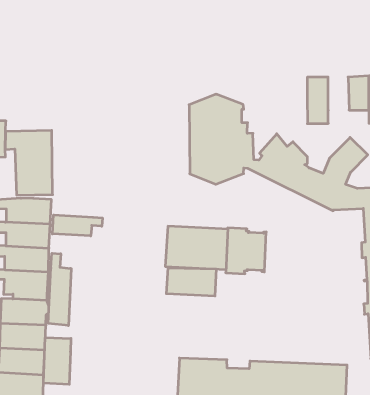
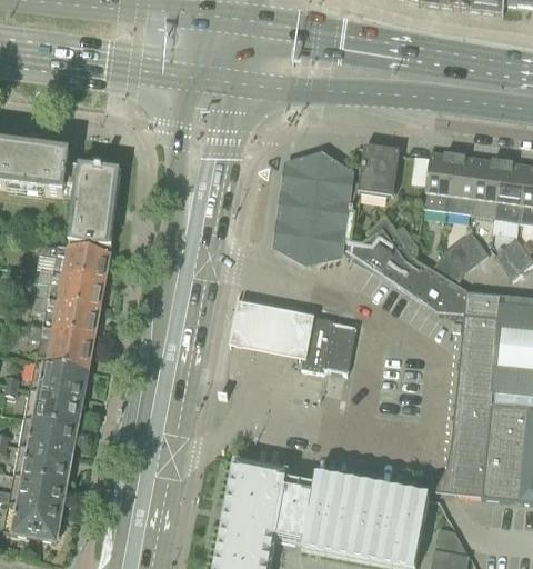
building: none -> [446,156,477,213]
building: none -> [345,146,399,209]
building: [52,215,102,236] -> none
building: [48,253,71,326] -> none
building: [166,268,216,296] -> none
building: [44,337,71,384] -> none

